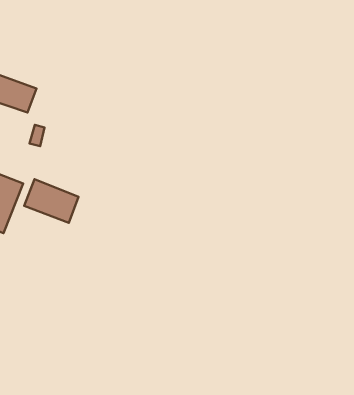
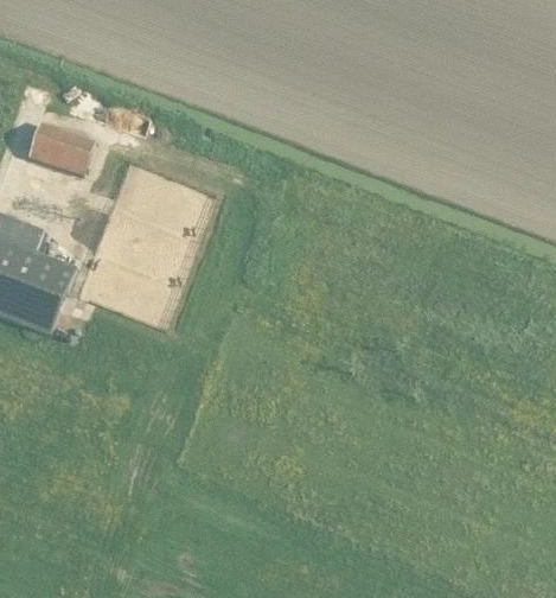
building: [24,179,78,223] -> none

